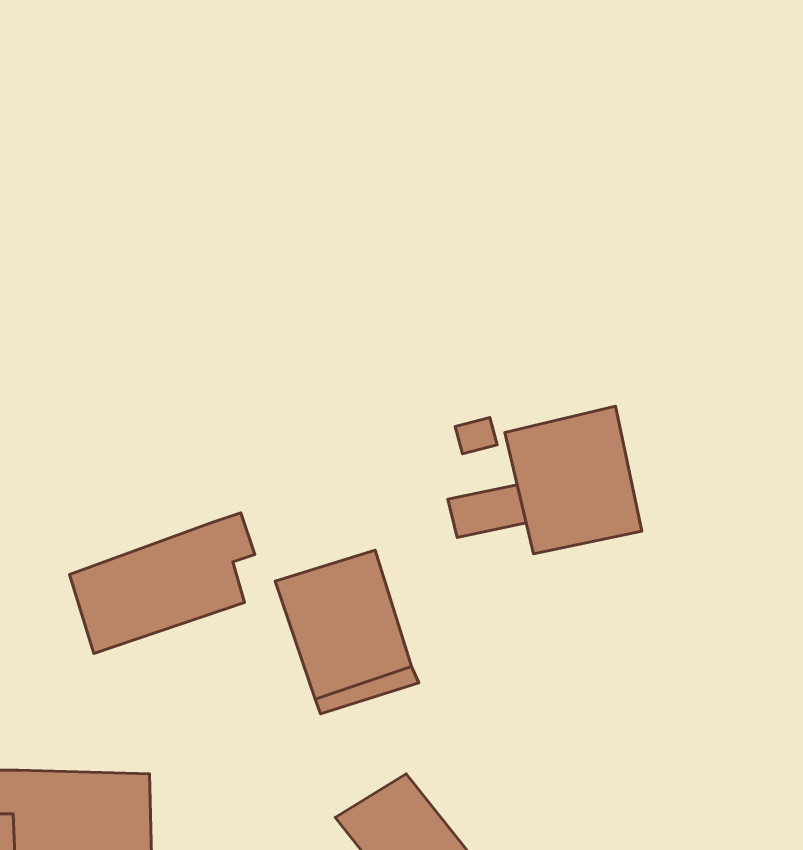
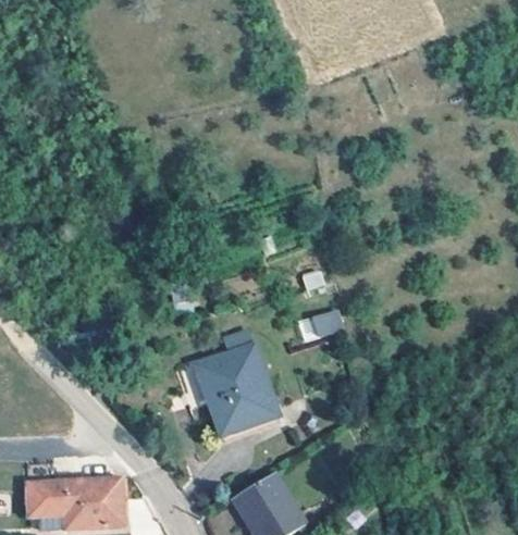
building: [505,406,642,554] -> none
building: [69,513,255,654] -> none

